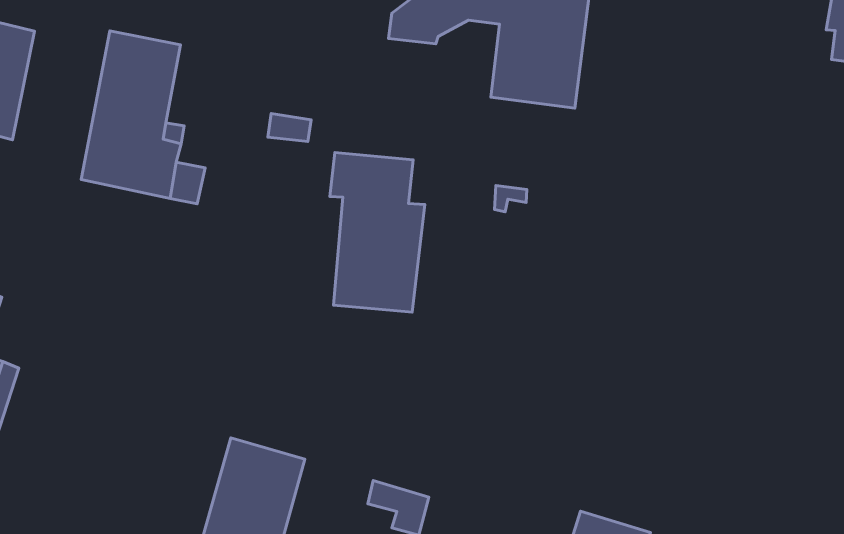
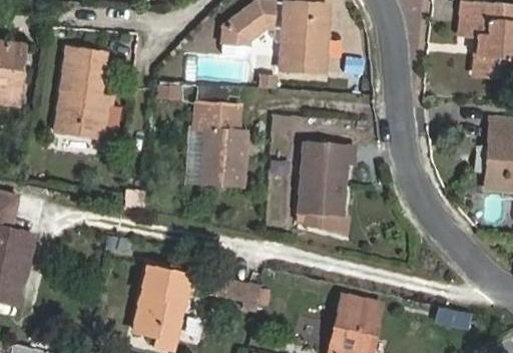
building: none -> [299,142,354,241]

